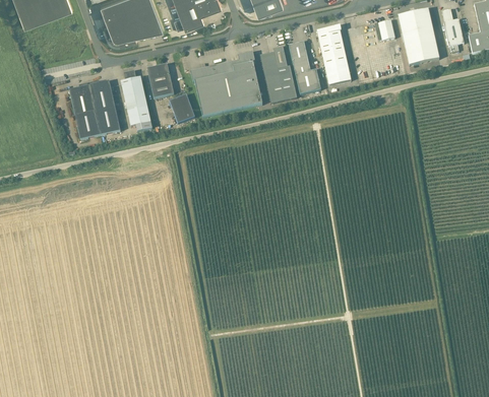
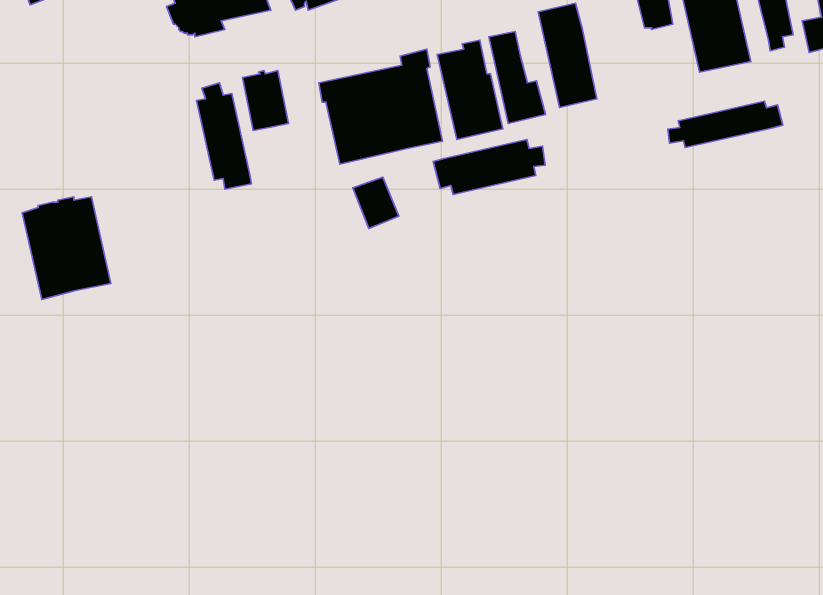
building: [69,80,120,139] -> [22,197,111,300]
building: none -> [668,101,783,147]
building: [168,93,194,123] -> [353,177,399,228]
building: none -> [433,139,545,195]

